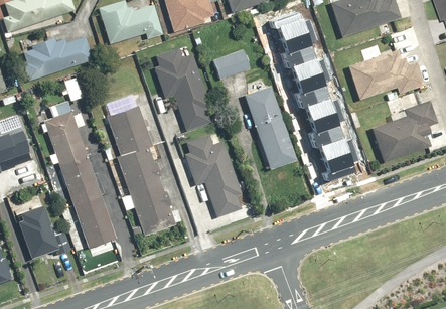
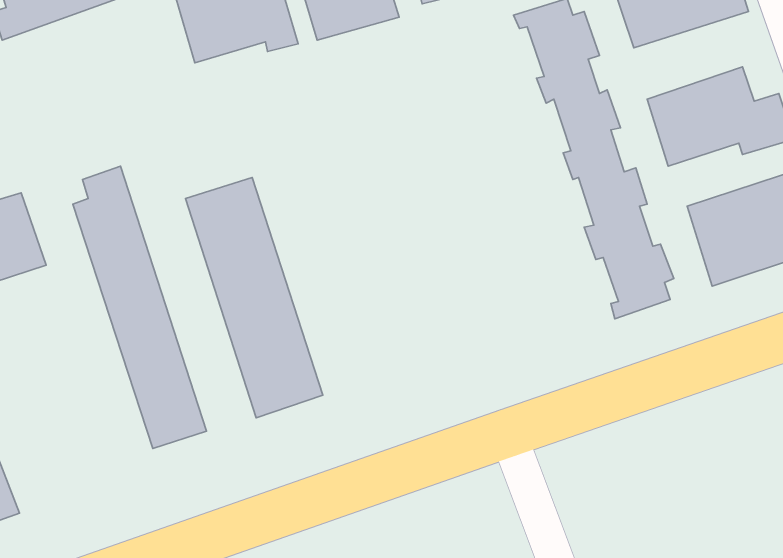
building: [18,33,95,82] -> none
building: [149,44,246,220] -> none
building: [213,47,251,79] -> none
building: [243,87,295,170] -> none
building: [12,203,71,263] -> none

